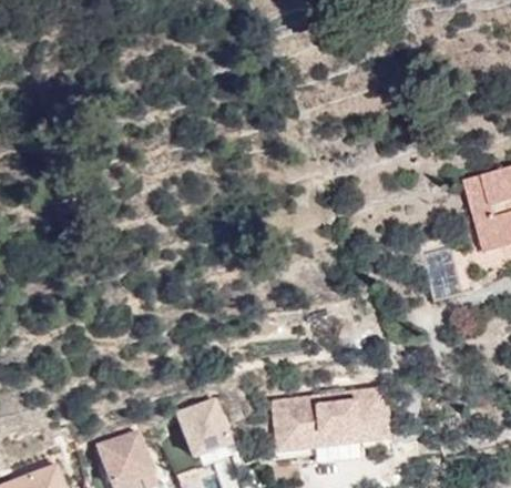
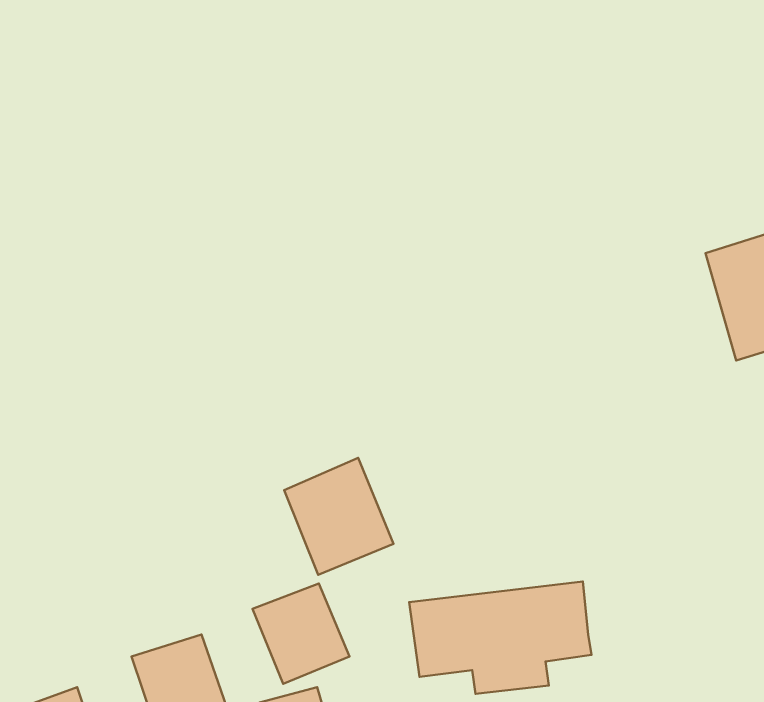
building: none -> [284,458,394,575]

